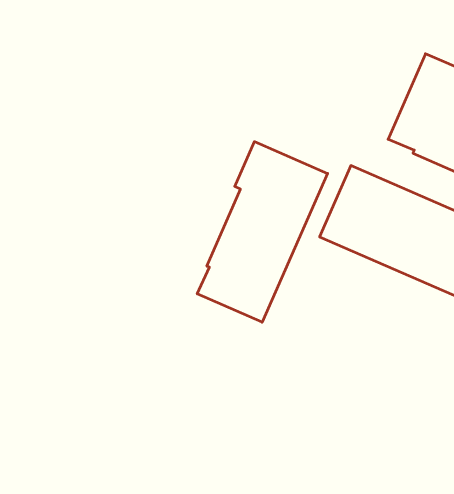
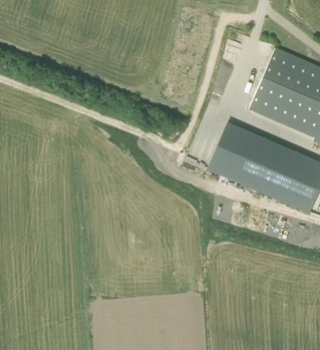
building: [197,142,328,322] -> none

